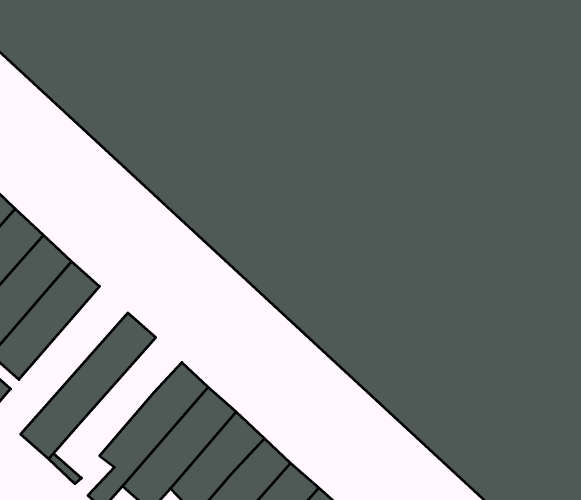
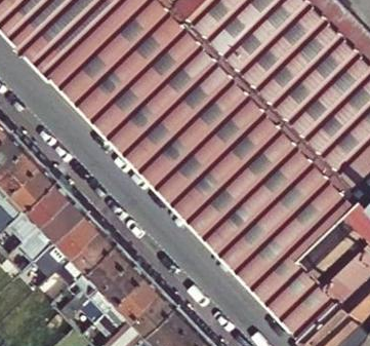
building: none -> [17,188,83,255]
building: none -> [47,220,113,286]

